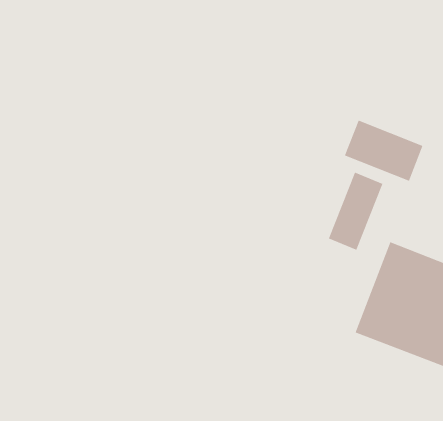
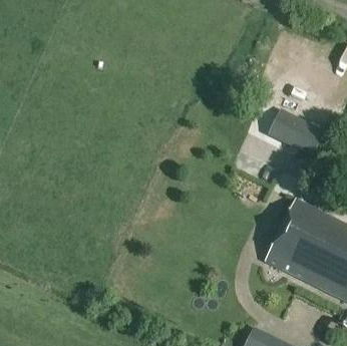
building: [328,172,384,251] -> none

